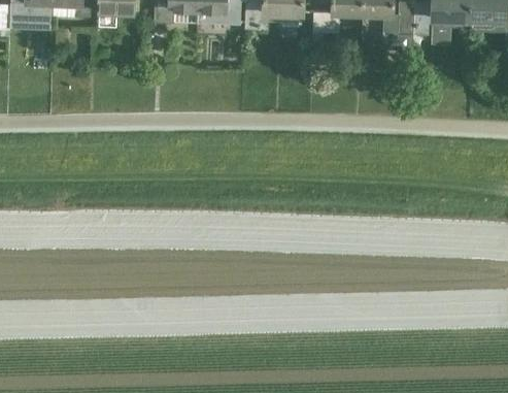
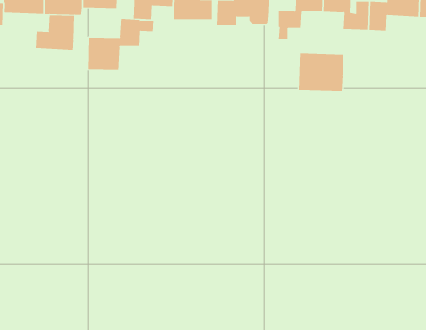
building: none -> [32,14,74,51]
building: none -> [88,18,154,71]
building: none -> [299,53,344,92]

